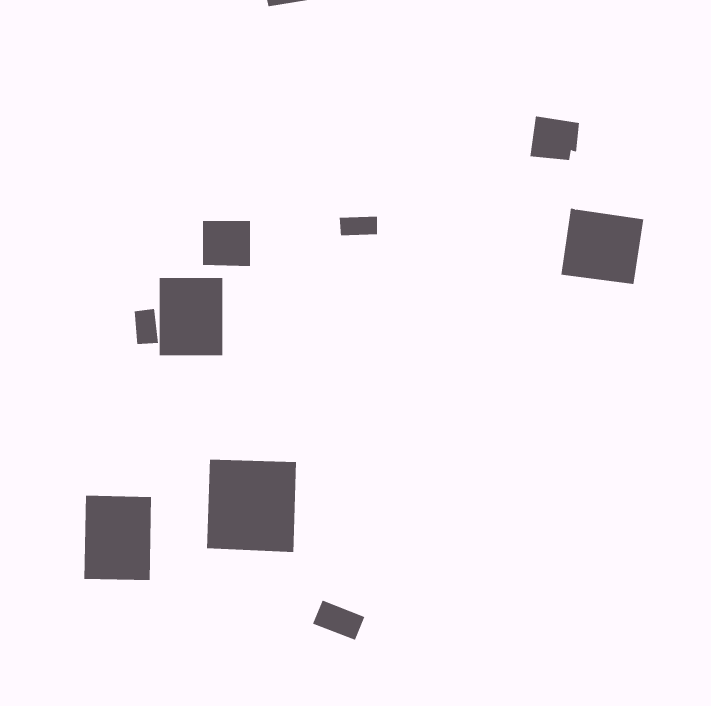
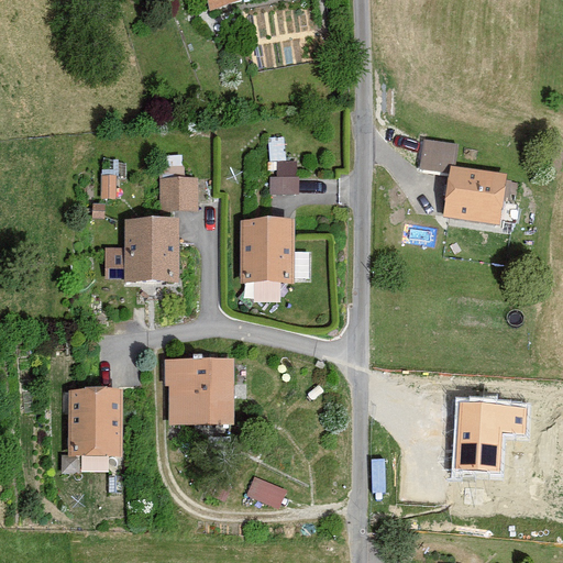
building: [530,116,580,161] -> [417,136,456,172]
building: none -> [240,221,291,283]
building: none -> [455,398,527,468]

